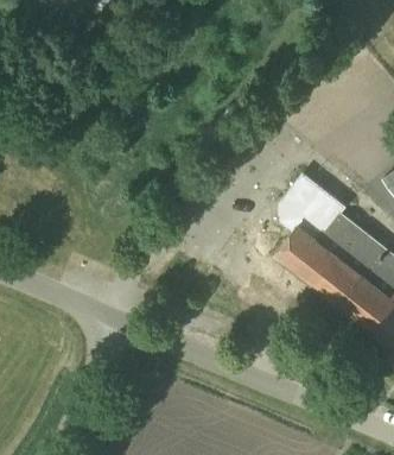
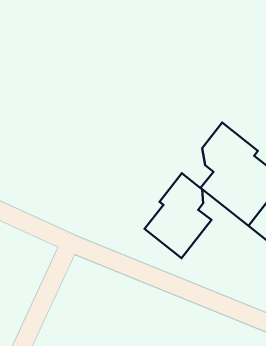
building: none -> [144,173,211,258]

